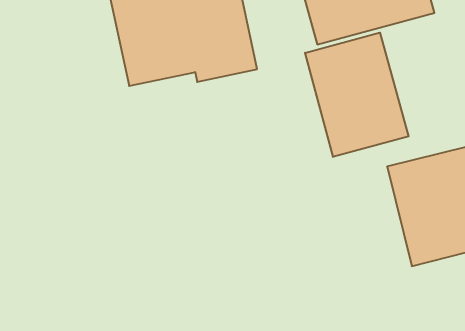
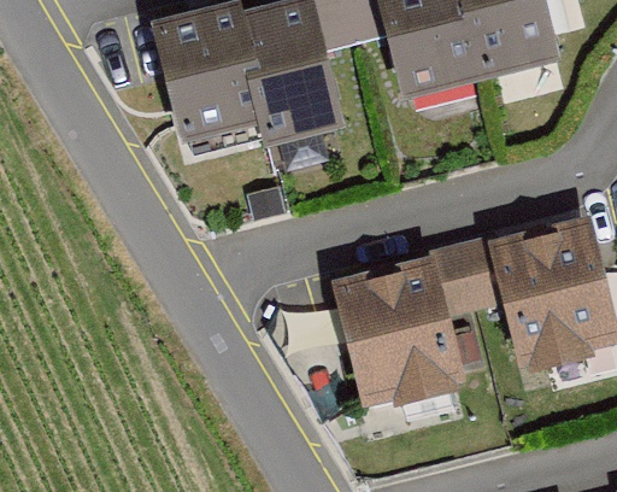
building: [305,33,409,157] -> none
building: none -> [342,265,465,411]

